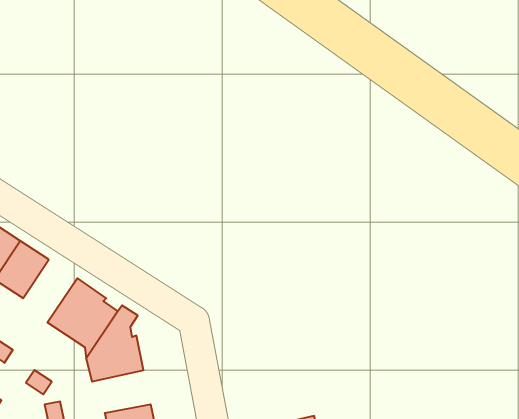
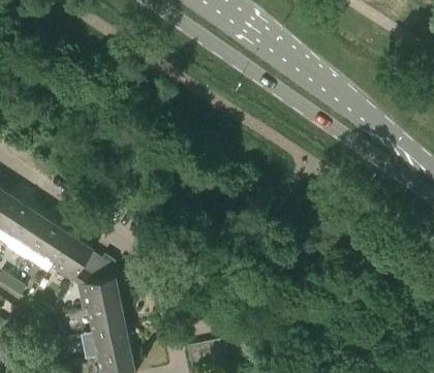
building: none -> [33,222,72,268]
building: none -> [83,302,125,333]

